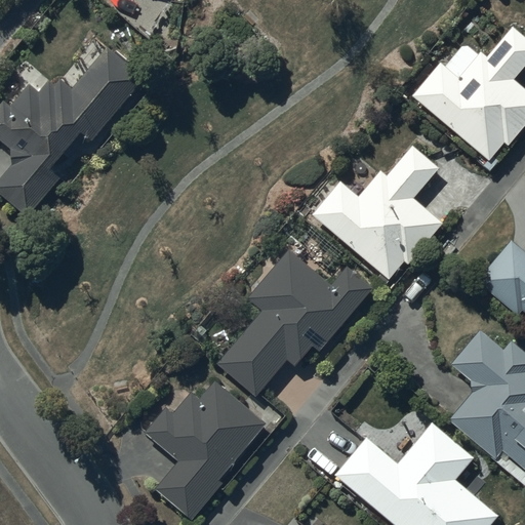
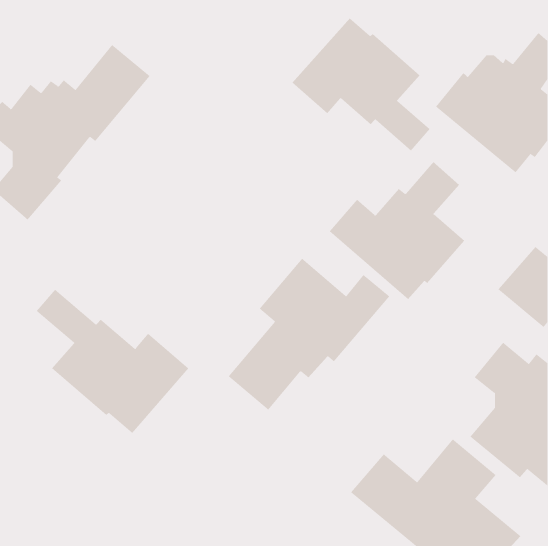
building: none -> [292,17,430,151]
building: none -> [36,289,189,434]
building: [144,380,266,519] -> none

